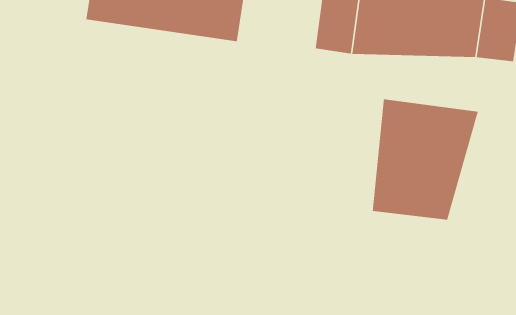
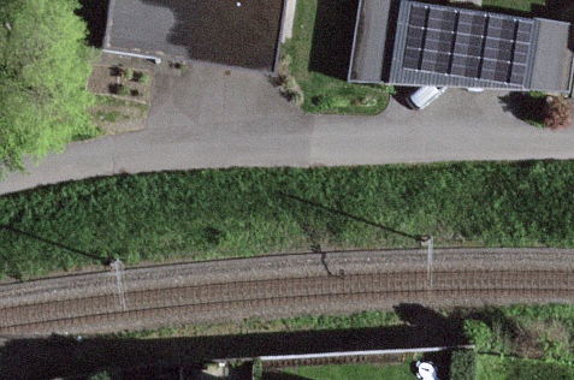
building: [372,99,478,221] -> none

